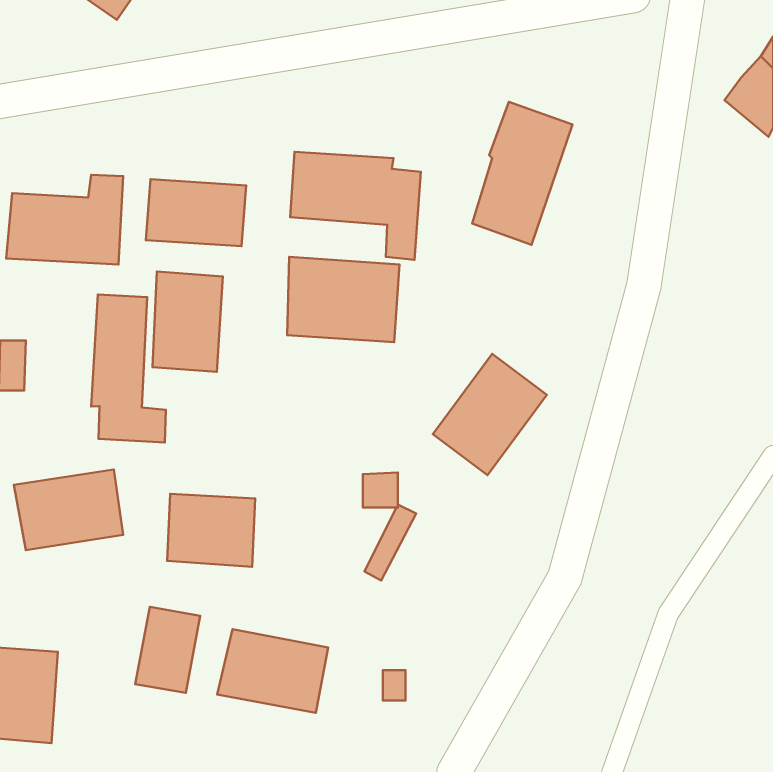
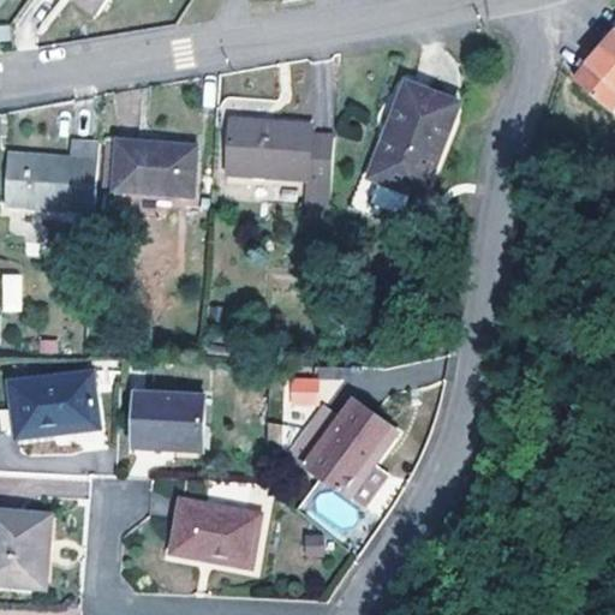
building: [287,257,400,342] -> none
building: [152,271,223,372] -> none
building: [91,294,166,443] -> none
building: [433,354,547,475] -> [304,398,394,494]
building: [135,607,200,693] -> none

